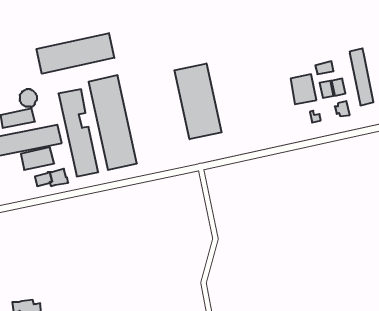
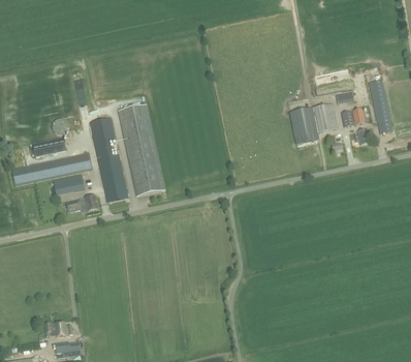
building: [37,33,114,74] -> none
building: [174,63,222,139] -> none
building: none -> [289,108,318,144]

